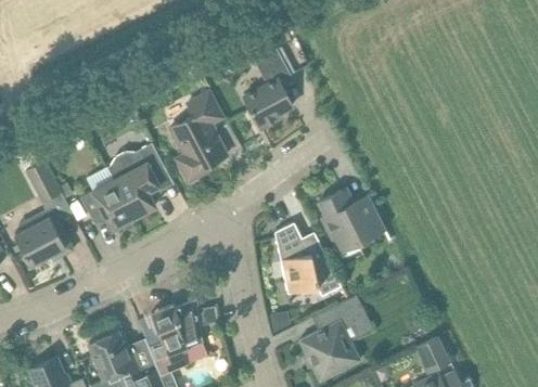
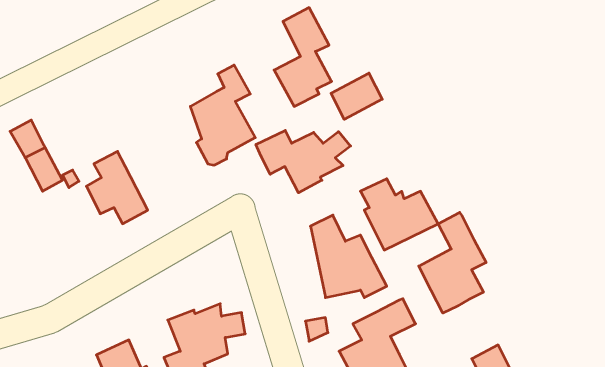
building: none -> [331,73,382,119]
building: [107,144,171,219] -> none
building: none -> [256,130,351,193]
building: [15,211,74,266] -> none
building: none -> [419,212,486,313]

